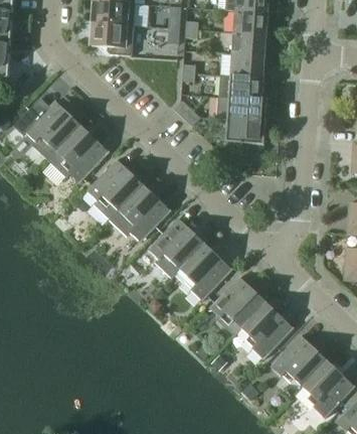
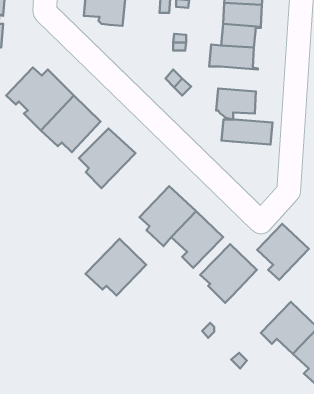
building: [215,96,266,121] -> [222,119,272,144]
building: [109,183,170,241] -> [86,239,146,296]
building: [240,301,293,357] -> [257,224,309,280]

